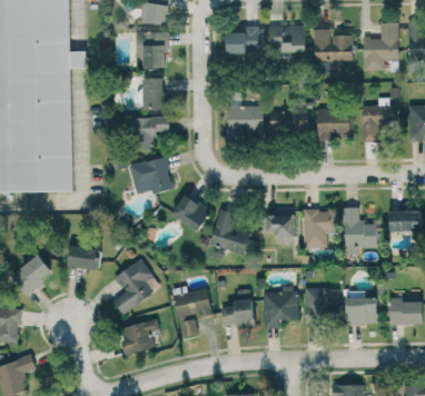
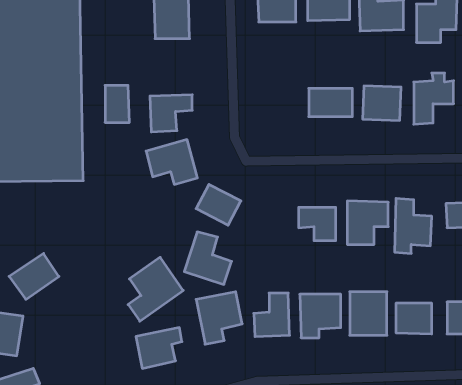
building: [142,78,164,110] -> [105,85,129,122]
building: [226,106,263,143] -> none
building: [208,209,249,255] -> [184,232,232,284]
building: [67,247,100,269] -> none

